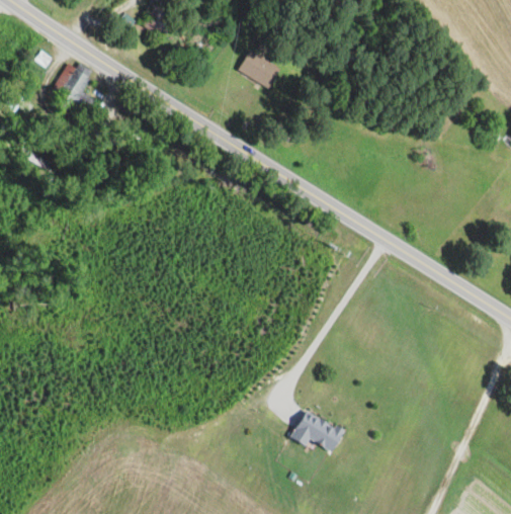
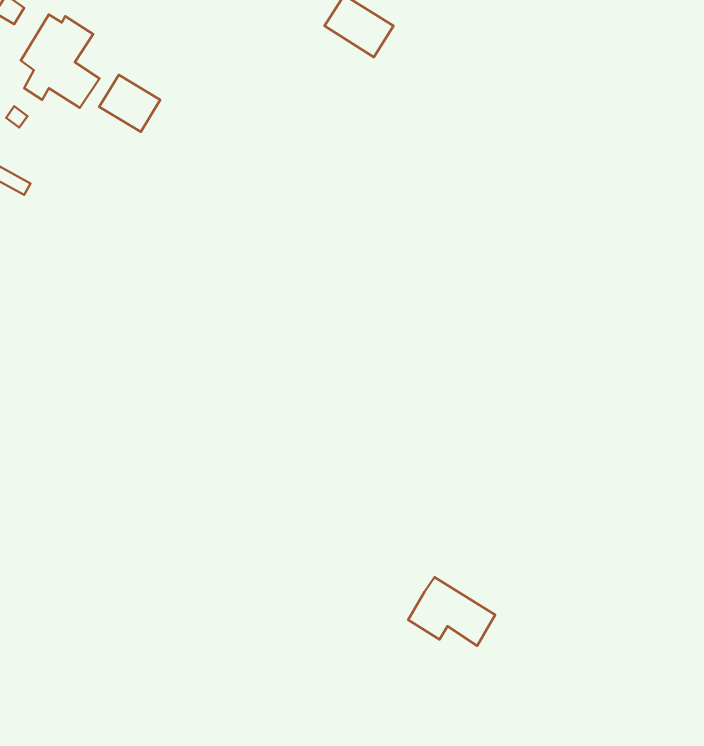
building: none -> [99,75,160,132]

